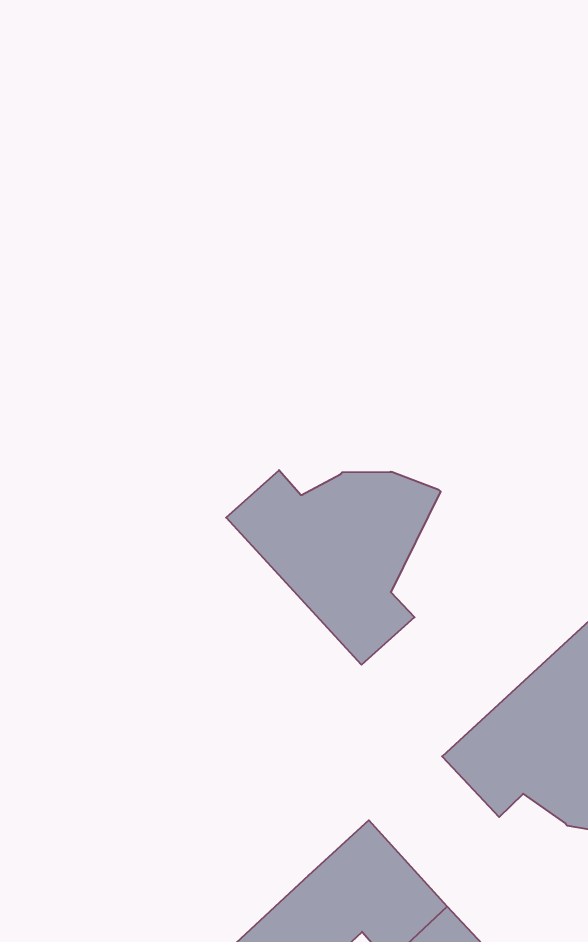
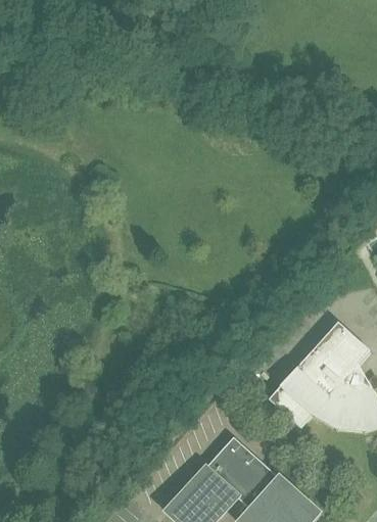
building: [226,470,441,665] -> none

